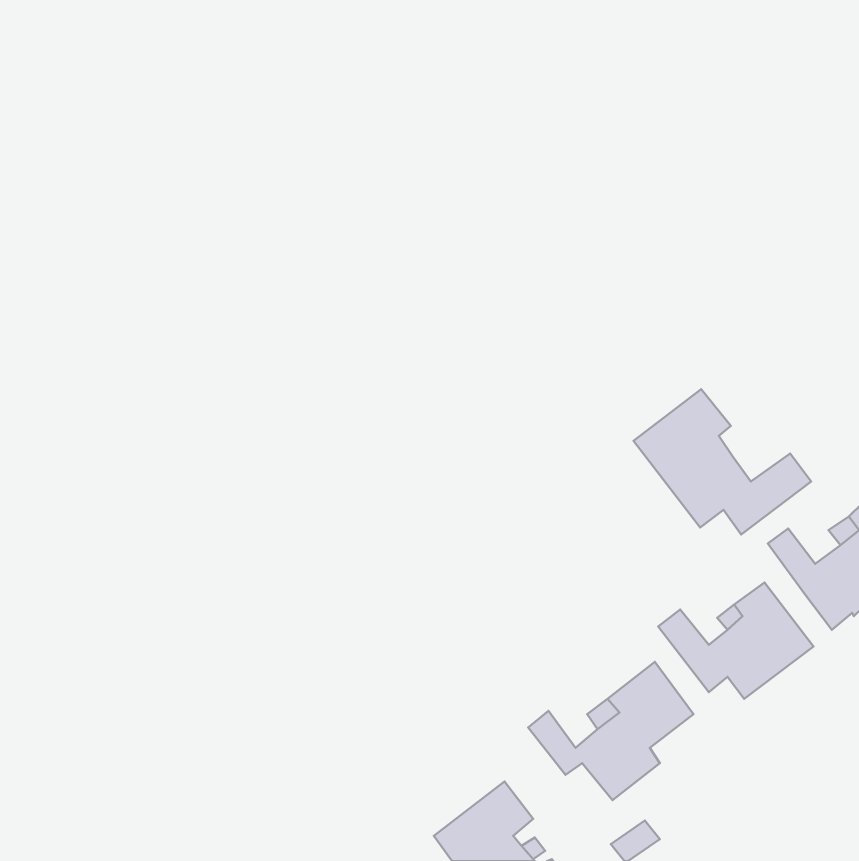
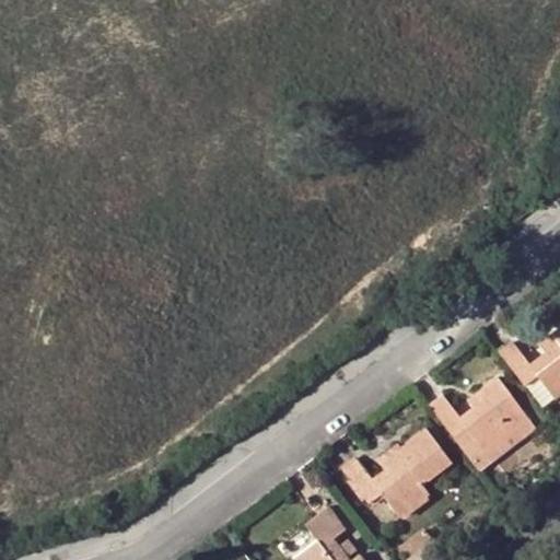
building: [634,389,811,534] -> none
building: none -> [462,419,535,471]

